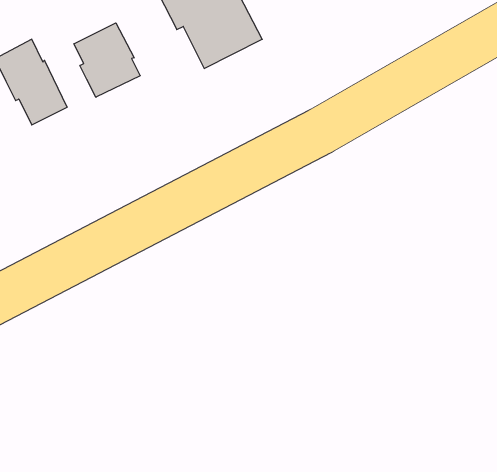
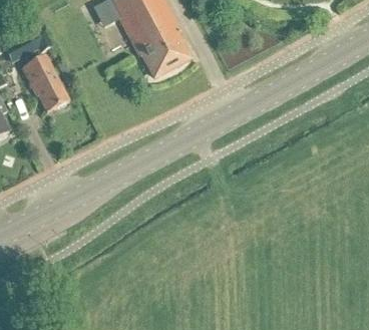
building: [74,23,140,97] -> none

